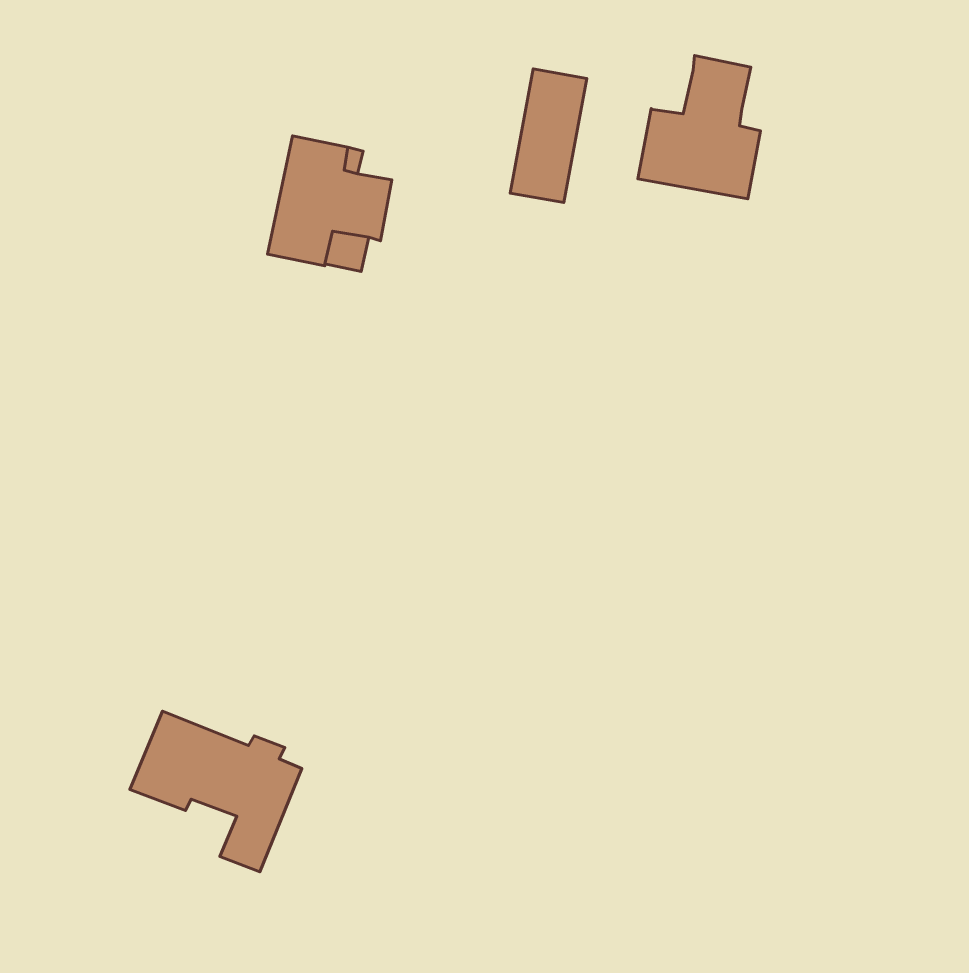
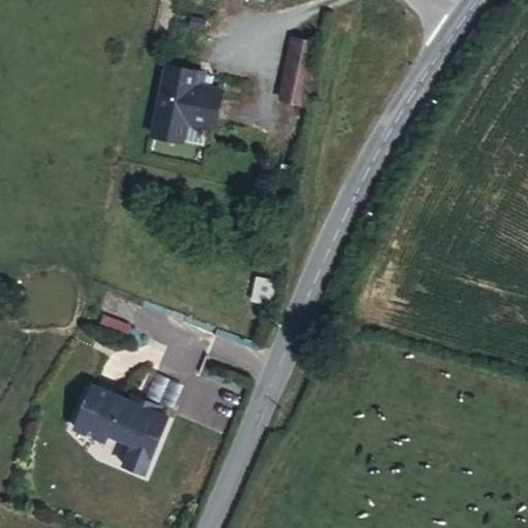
building: [638,55,760,199] -> none

